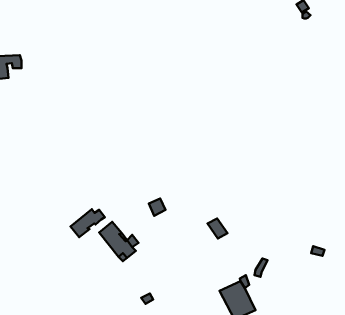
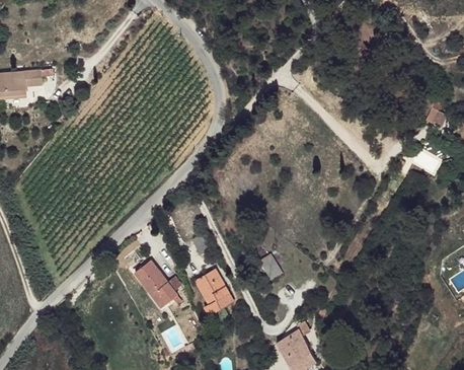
building: [70,209,105,237] -> none
building: none -> [195,269,233,315]

